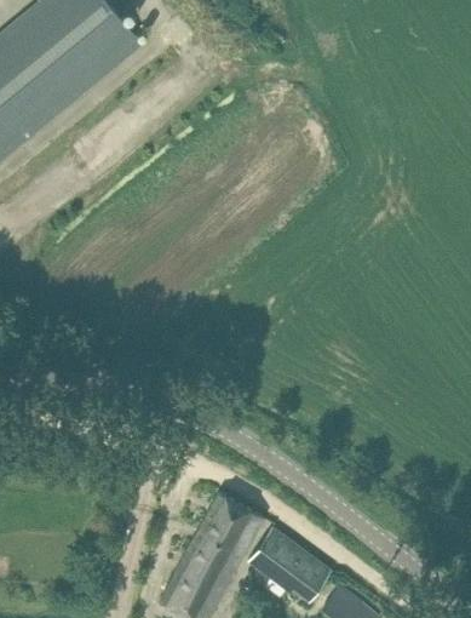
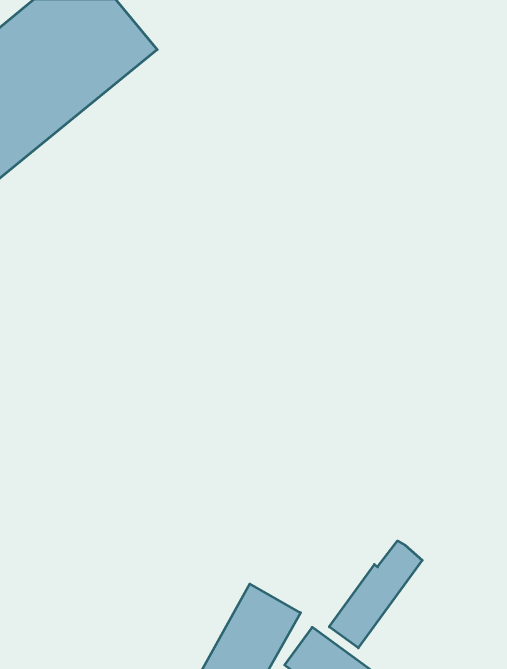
building: none -> [329,541,422,648]

